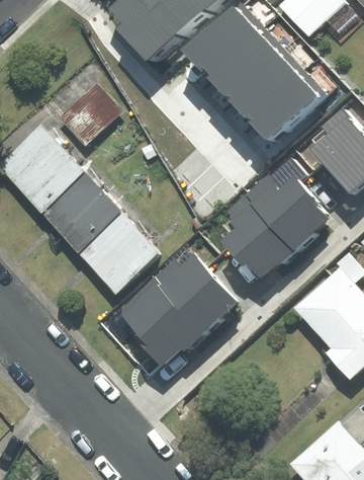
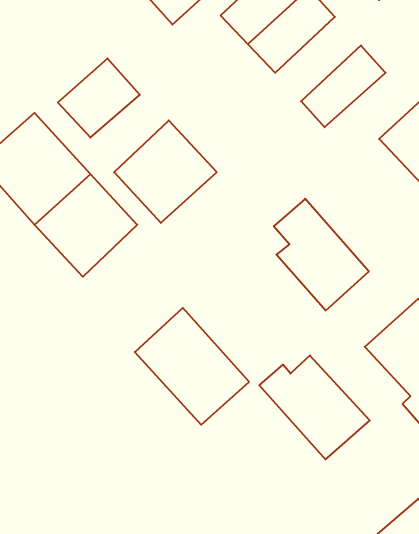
building: [228,51,294,116] -> none
building: [251,163,335,249] -> none
building: [78,213,158,293] -> [114,120,217,223]
building: [156,254,242,335] -> [259,355,370,459]

